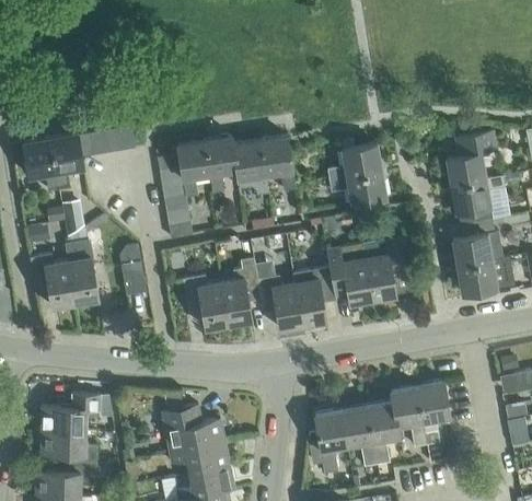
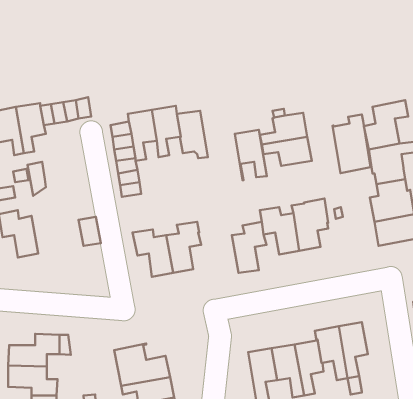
building: [259,137,296,194] -> [235,130,267,180]
building: none -> [332,114,371,173]
building: [66,243,99,303] -> none
building: [257,276,303,329] -> none

